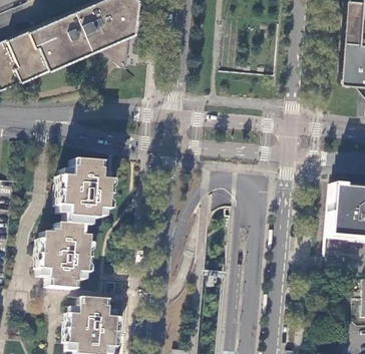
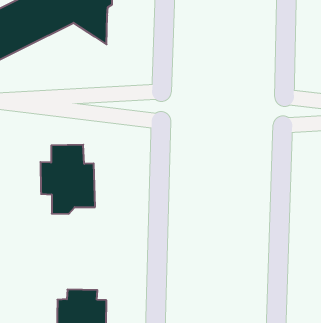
building: [39,225,93,290] -> none

